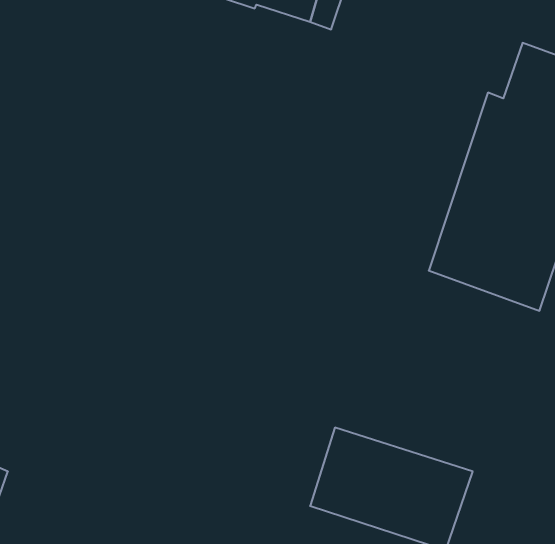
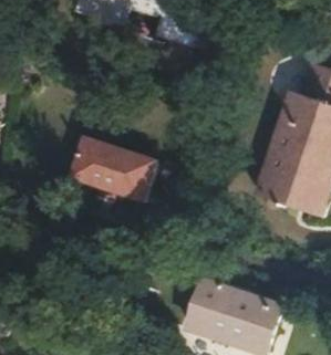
building: none -> [72,135,156,199]

